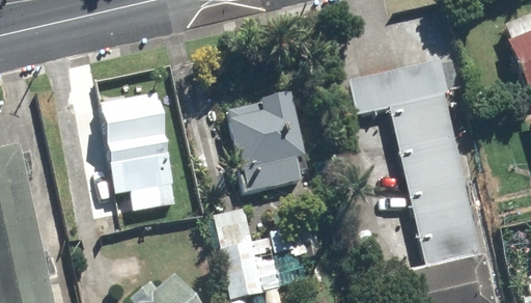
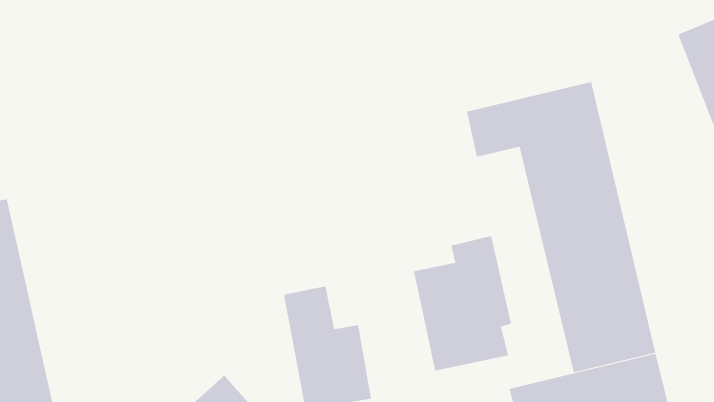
building: [231,91,303,190] -> [413,235,512,371]
building: [101,95,179,228] -> none

